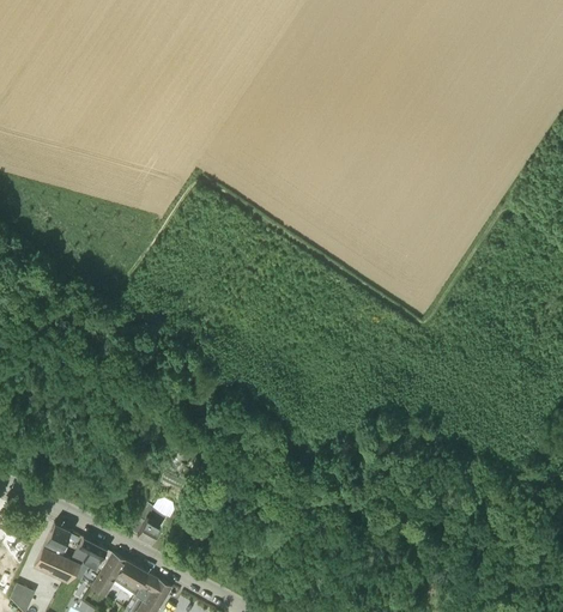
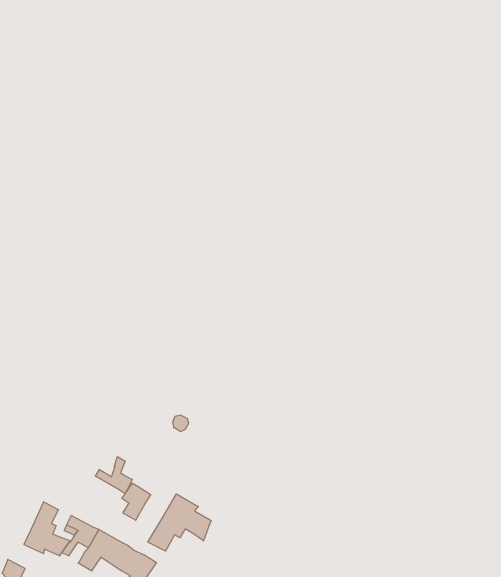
building: none -> [95,457,132,494]
building: none -> [148,494,211,551]

